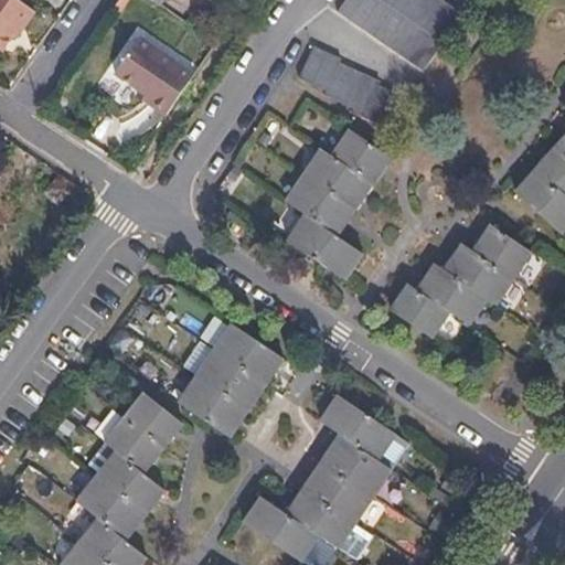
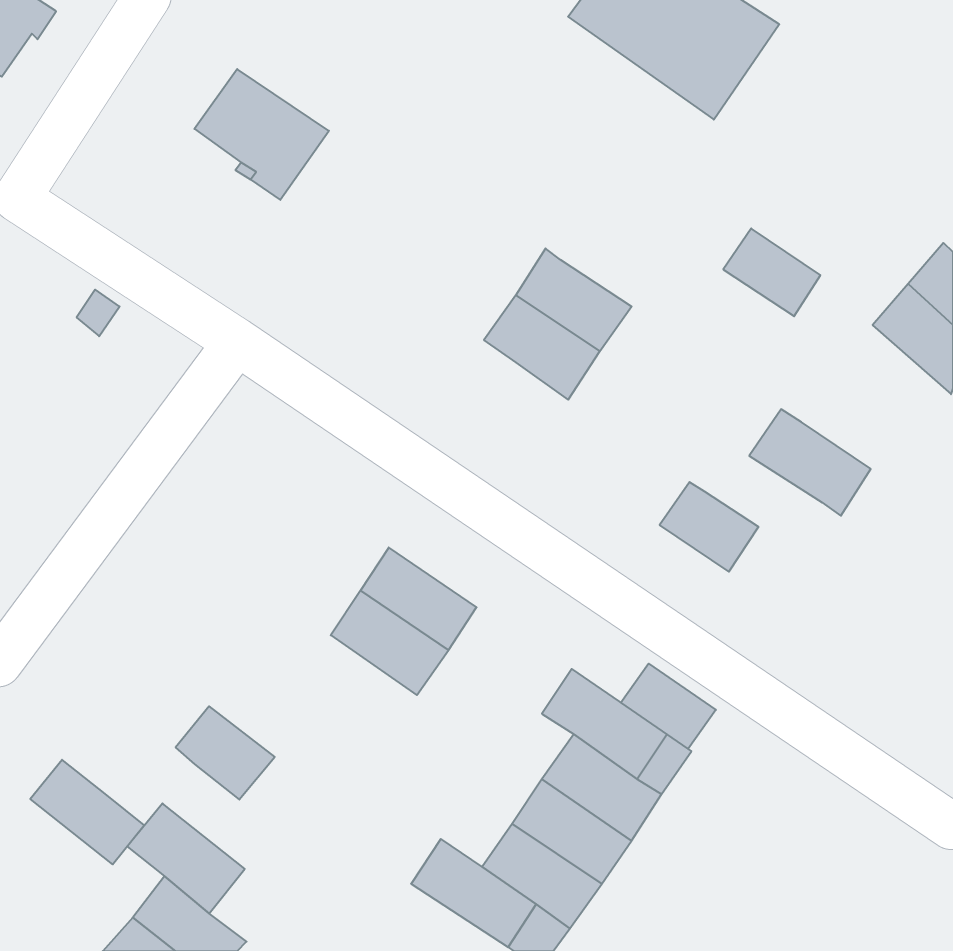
building: [298,46,390,121] -> none
building: [331,129,388,181] -> [723,228,820,316]
building: [286,214,362,279] -> none
building: [473,224,531,277] -> none
building: [416,264,486,324] -> none
building: [178,375,246,436] -> none
building: none -> [621,664,716,749]
building: [124,393,181,447] -> none
building: [96,451,163,513] -> [30,760,144,864]

